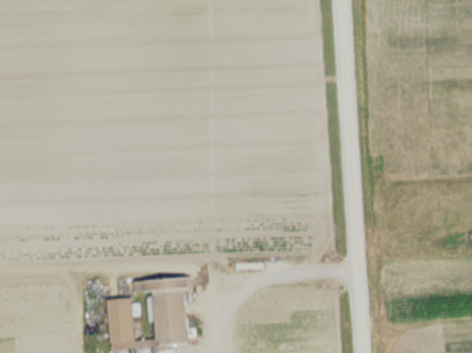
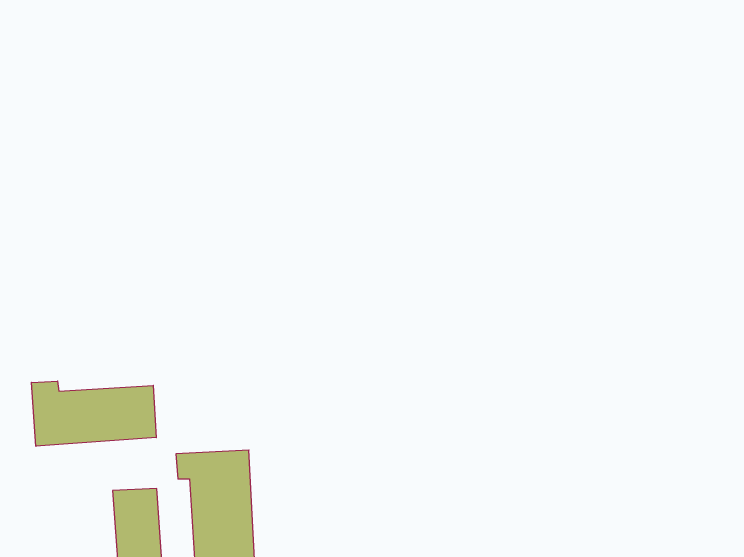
building: none -> [31,381,156,446]

